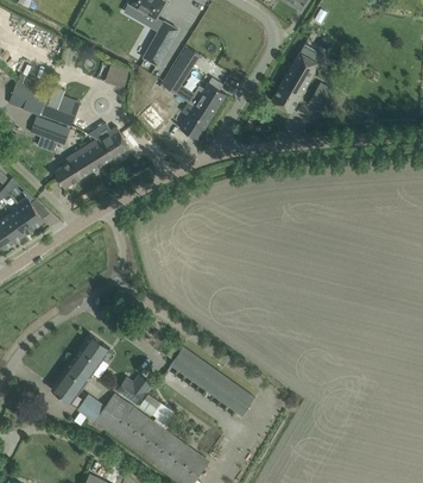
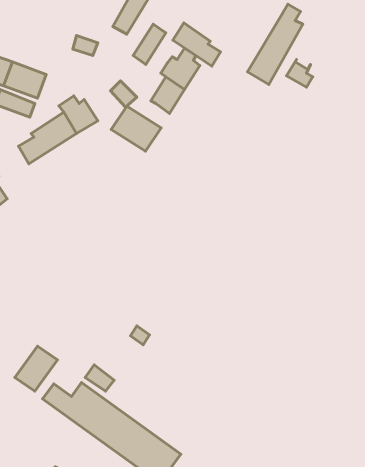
building: none -> [173,23,220,66]
building: none -> [111,106,161,151]
building: [72,335,111,374] -> none
building: [171,347,255,416] -> none

